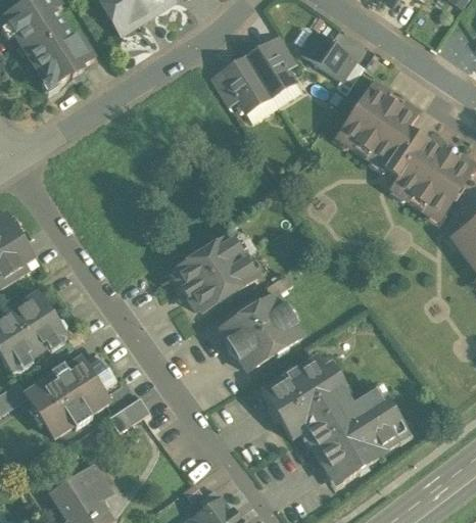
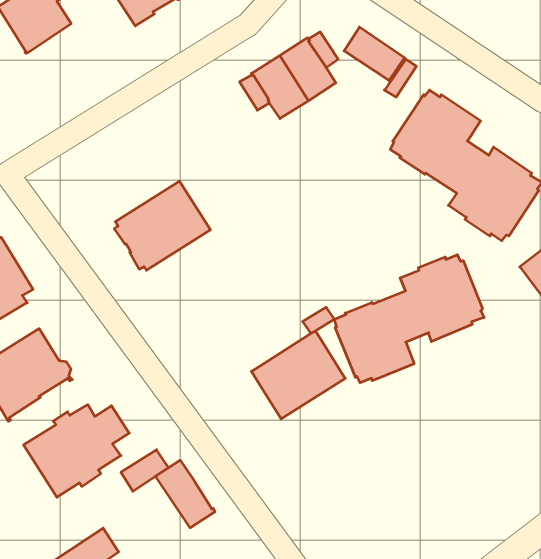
building: [29,29,93,84] -> none
building: none -> [335,255,484,383]
building: [174,234,256,311] -> [114,181,210,270]
building: [260,354,404,480] -> none
building: none -> [156,460,215,528]

